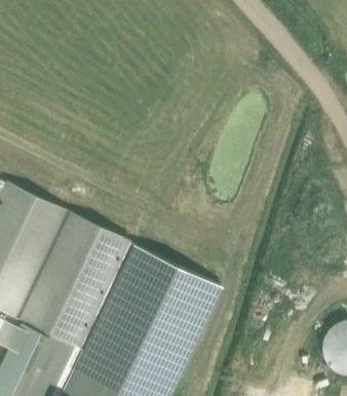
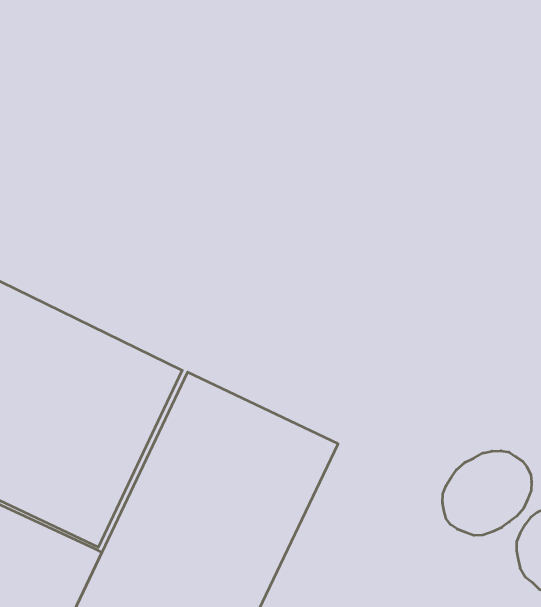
building: none -> [443,451,531,535]

